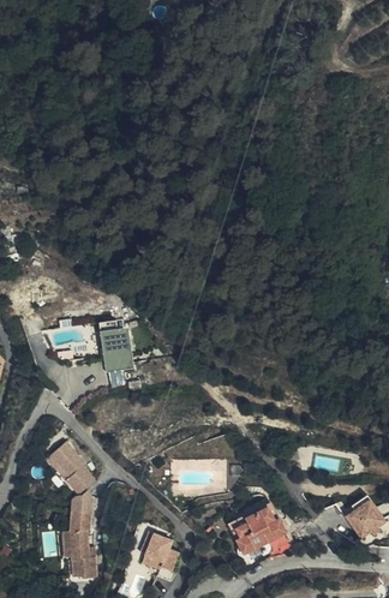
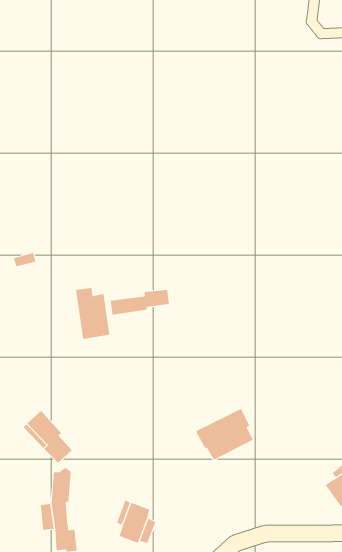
building: none -> [110,289,170,315]
building: [228,502,286,554] -> [195,408,253,460]

